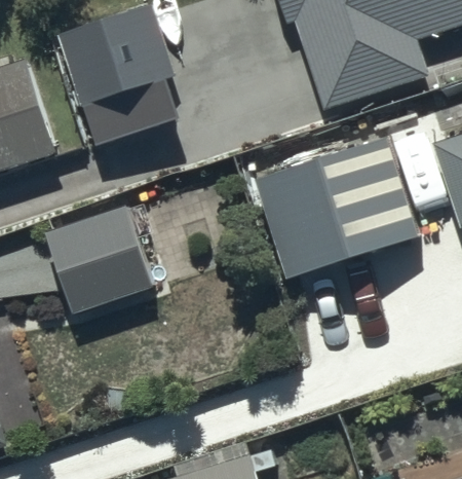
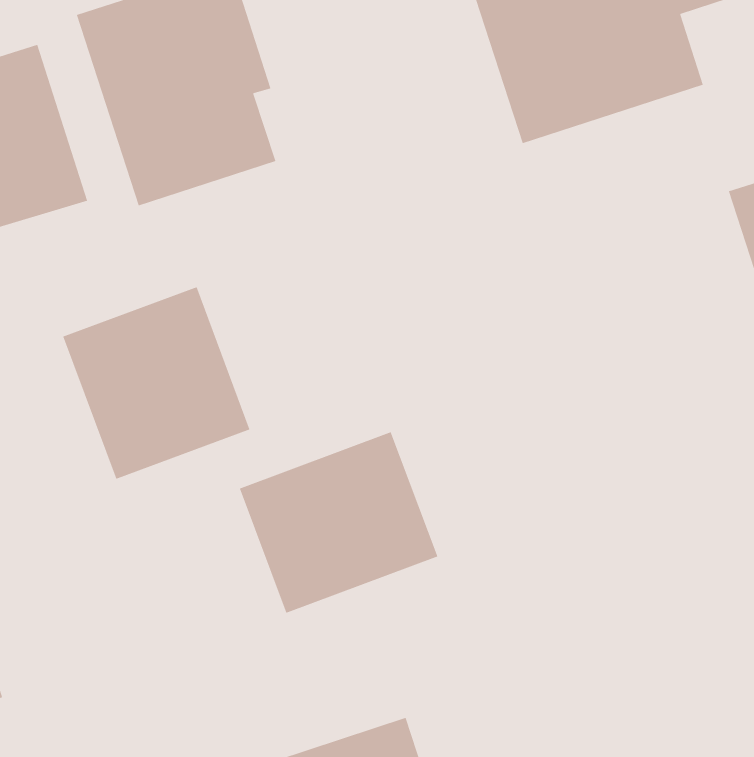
building: [256,132,424,279] -> none
building: none -> [239,431,438,614]

